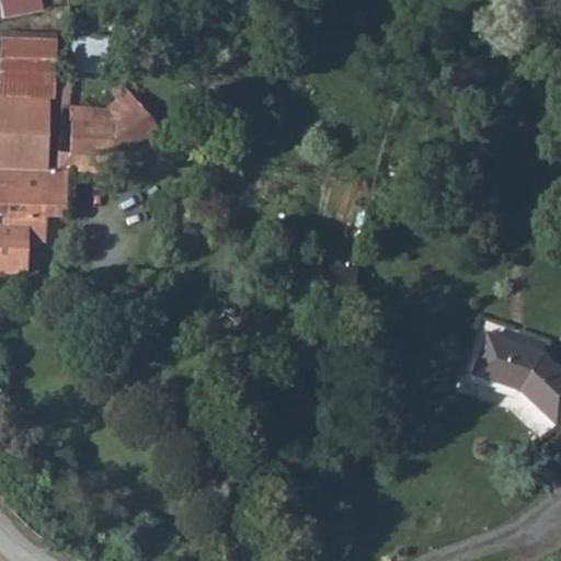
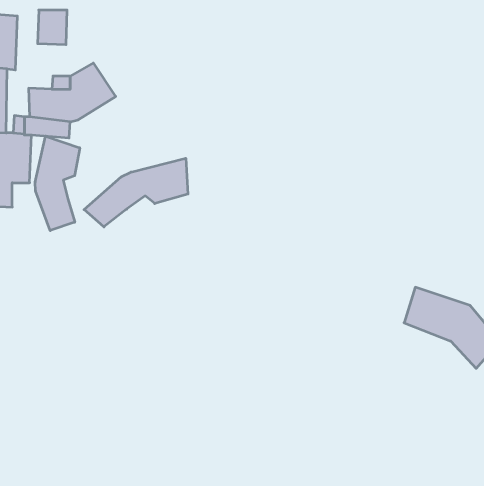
building: none -> [35,136,80,231]
building: none -> [84,158,188,227]

